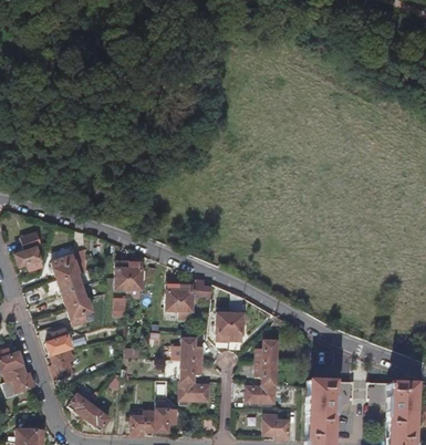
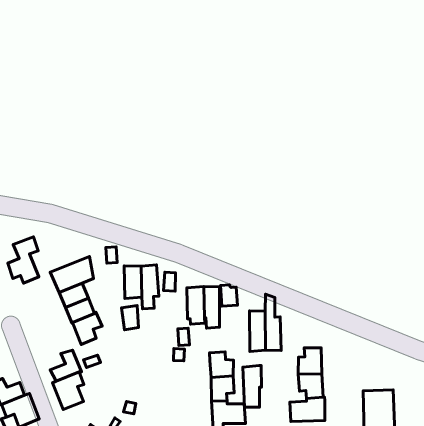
building: none -> [243,365,261,407]

